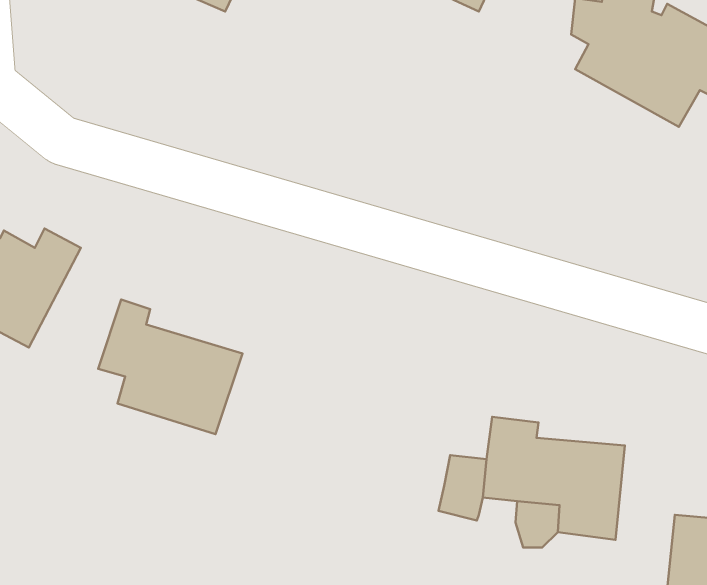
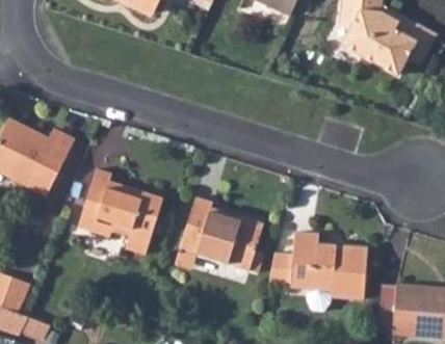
building: none -> [179,196,264,270]

